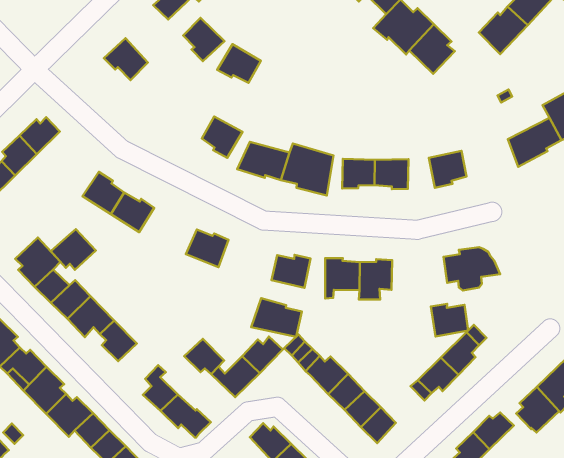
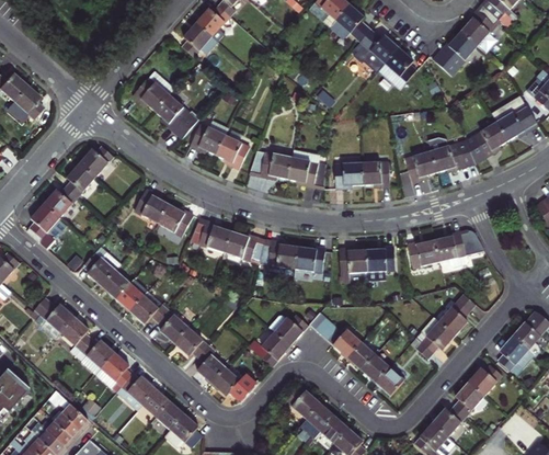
building: [183,18,224,61] -> [164,95,198,130]
building: [217,44,261,83] -> [199,124,235,155]
building: none -> [434,133,485,171]
building: none -> [194,218,227,250]
building: [51,229,96,270] -> none
building: [251,298,302,337] -> [253,237,294,266]
building: [431,304,468,336] -> [402,238,434,265]
building: [184,339,224,374] -> [170,326,203,354]

